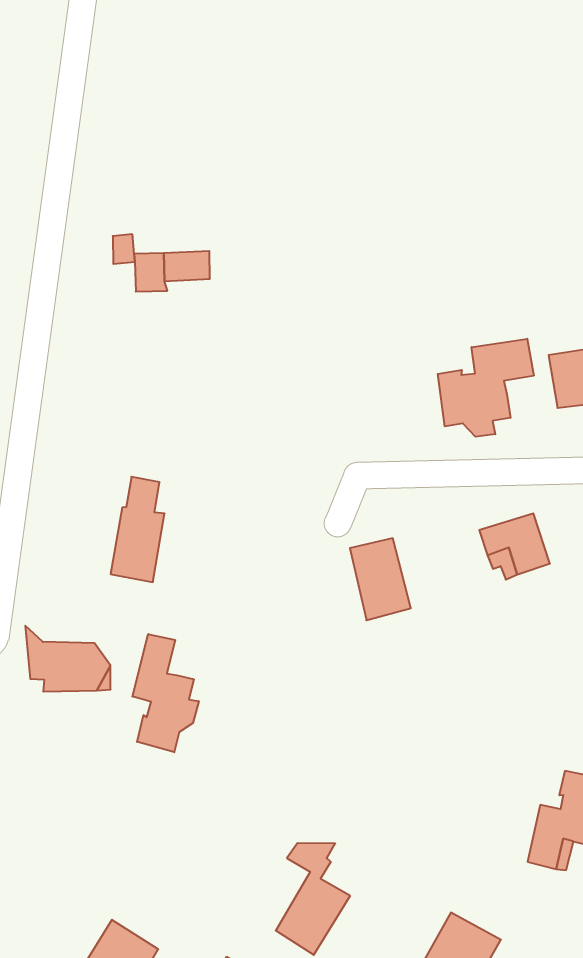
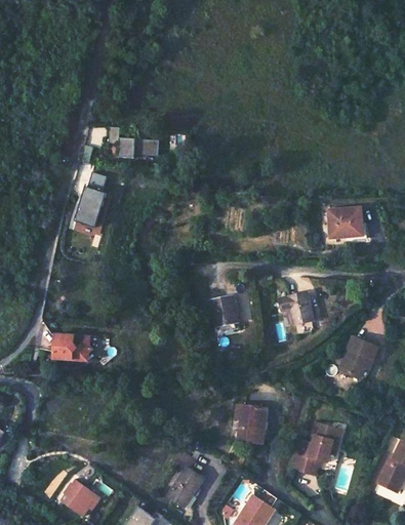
building: [438,339,534,437] -> none
building: [111,477,165,582] -> [73,172,104,228]
building: [132,634,199,752] -> none
building: none -> [239,406,271,447]

